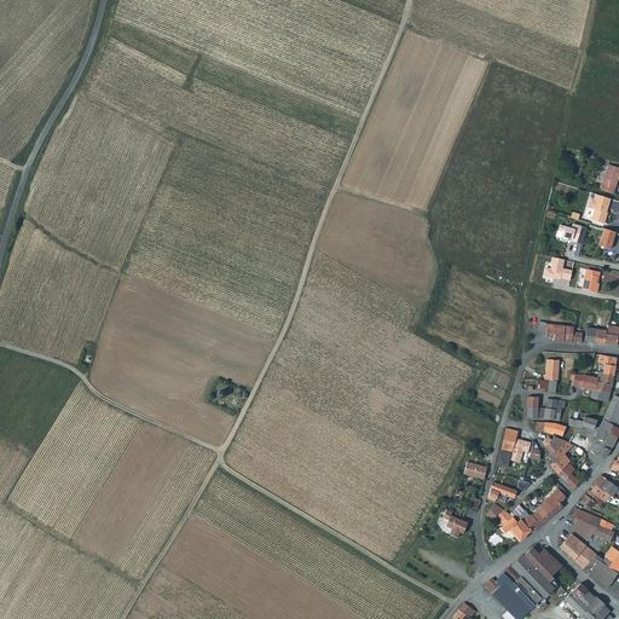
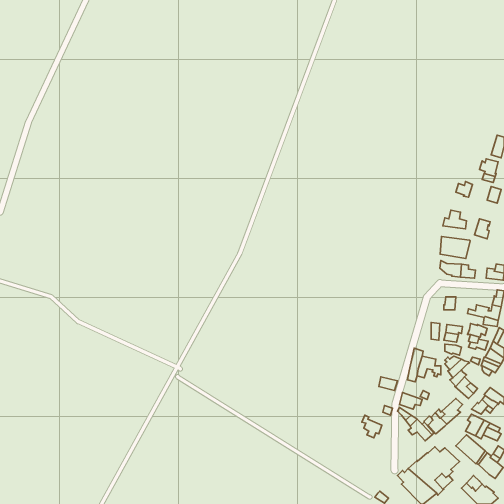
building: none -> [440,236,470,259]

